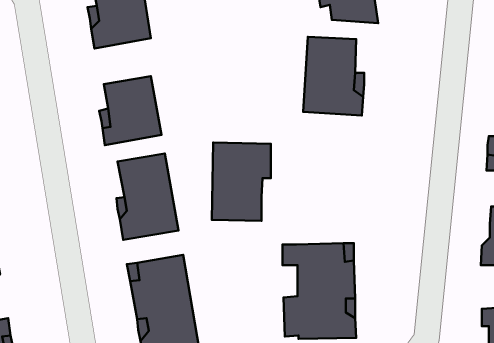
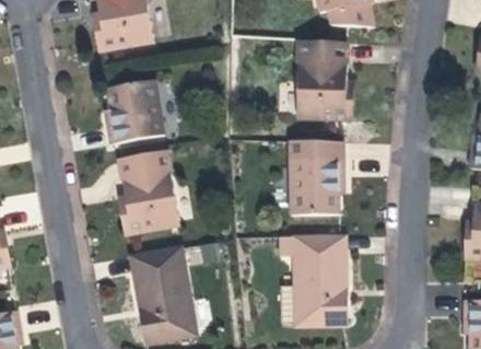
building: [212,143,271,221] -> [290,141,345,216]

